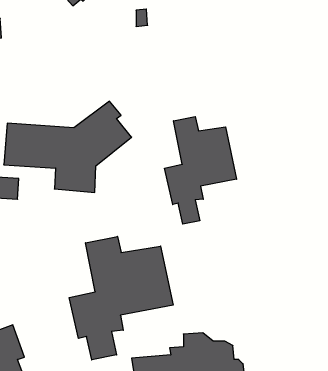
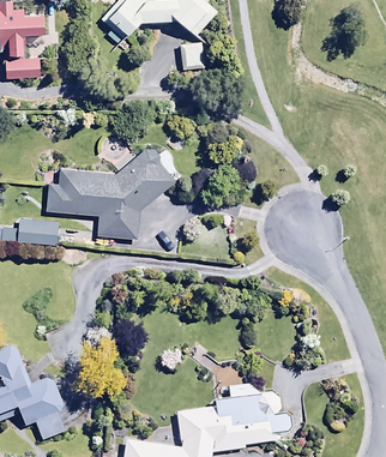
building: [165,117,237,224] -> none
building: [69,236,173,360] -> none

